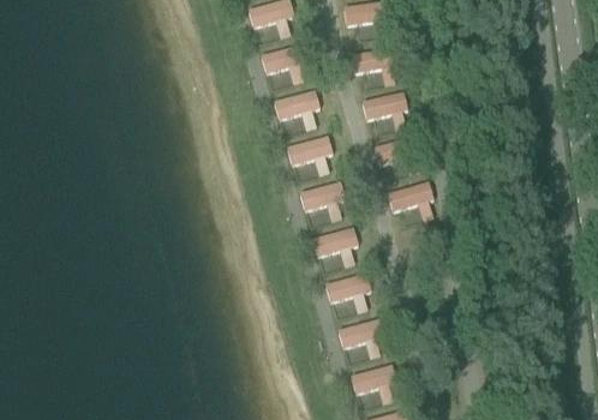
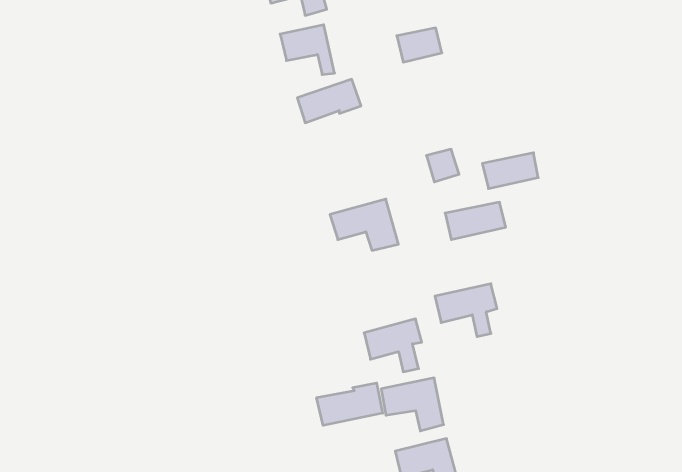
building: [361,91,405,119] -> [482,153,538,189]
building: [286,134,334,176] -> none
building: [312,227,360,268] -> [435,284,497,337]
building: none -> [317,383,383,425]

